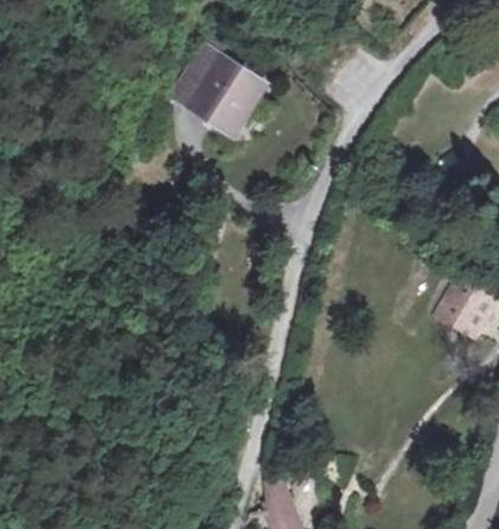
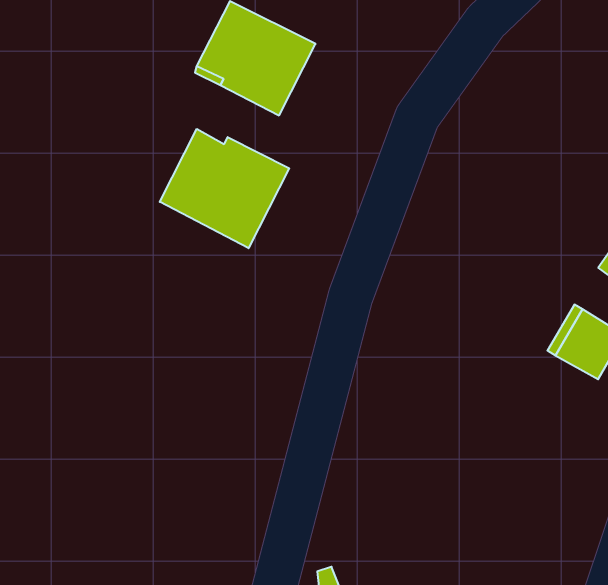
building: none -> [160,129,289,248]

